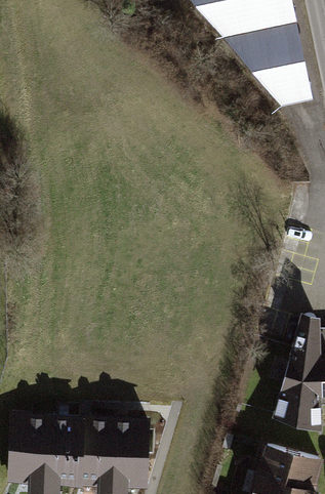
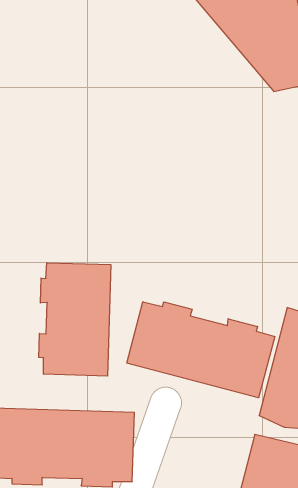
building: none -> [39,263,111,376]
building: none -> [127,302,275,398]

